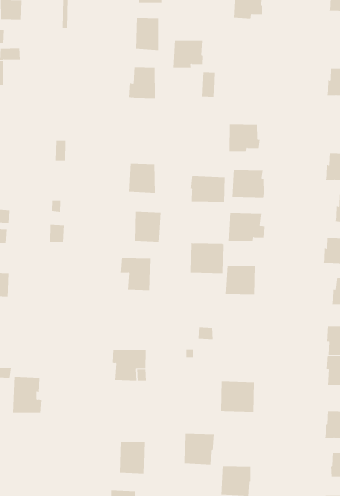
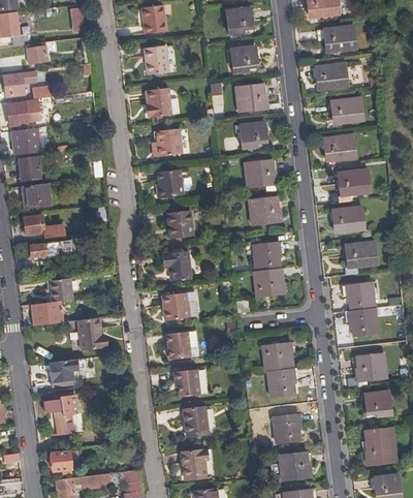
building: [173,40,203,68] -> [230,46,258,73]
building: none -> [235,85,267,113]
building: none -> [152,127,183,155]
building: [190,175,225,203] -> none
building: [190,243,224,274] -> [253,268,285,297]
building: none -> [160,290,196,316]
building: [12,377,42,413] -> [74,318,102,351]
building: none -> [174,368,200,396]
building: [184,433,215,465] -> [268,368,295,397]

